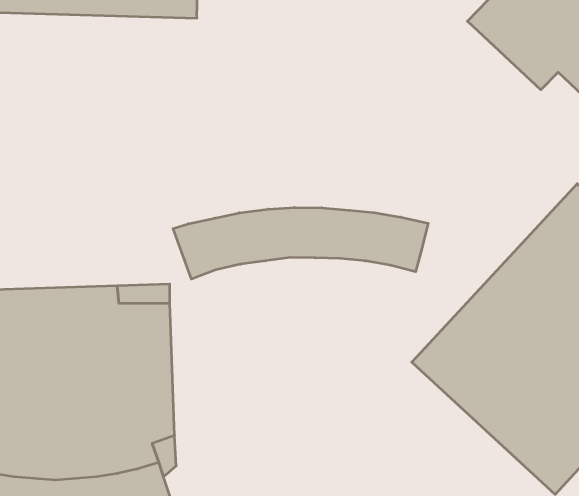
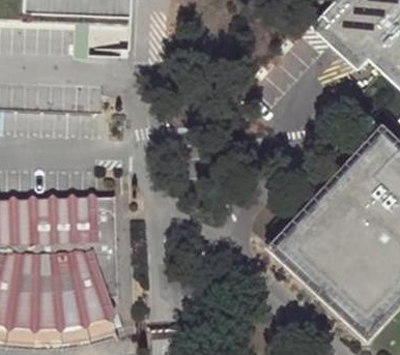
building: [173,207,428,279] -> none

